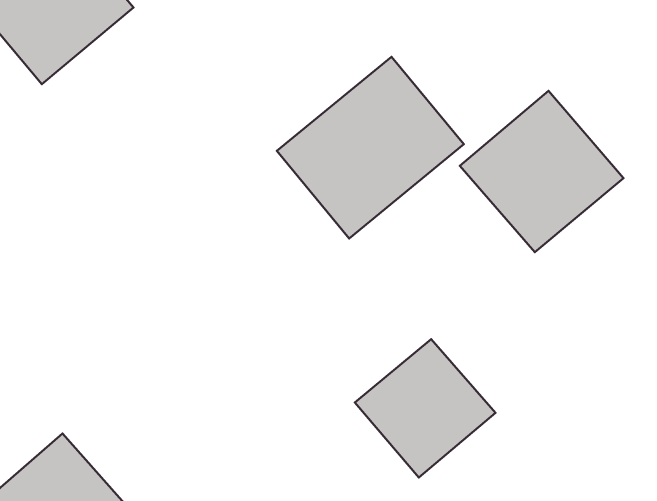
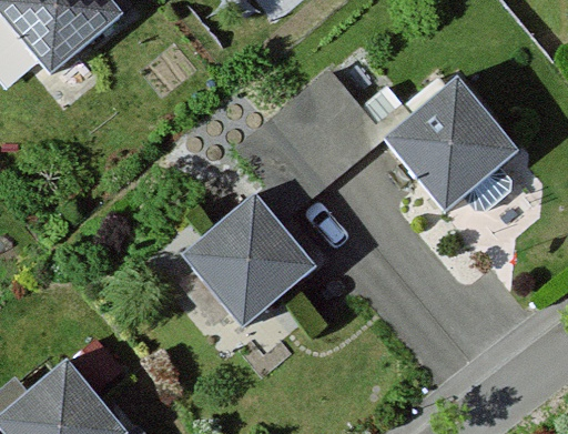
building: none -> [178,193,312,327]
building: [355,339,495,477] -> none

